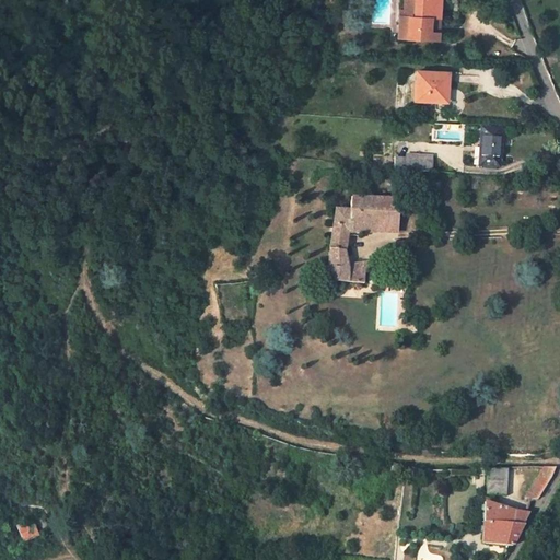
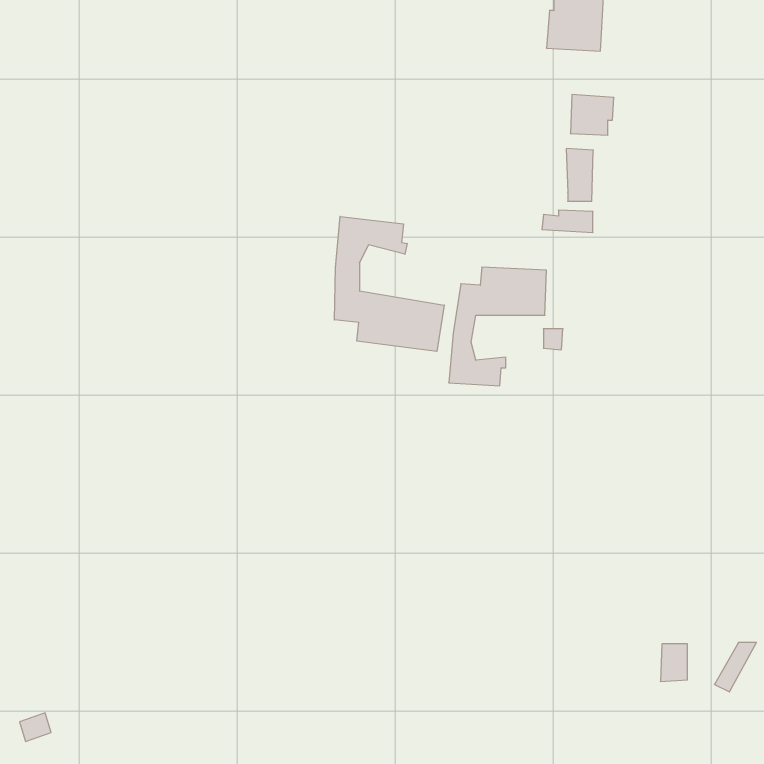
building: [482,125,502,163] -> [566,149,593,201]
building: none -> [334,216,444,351]
building: [481,504,527,548] -> none

